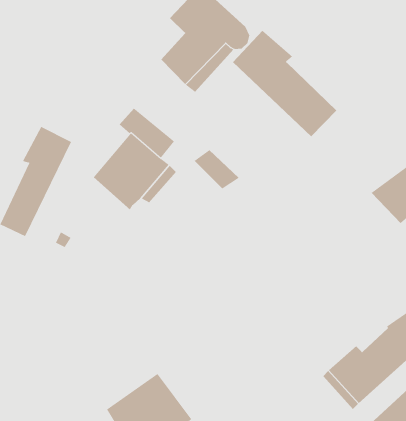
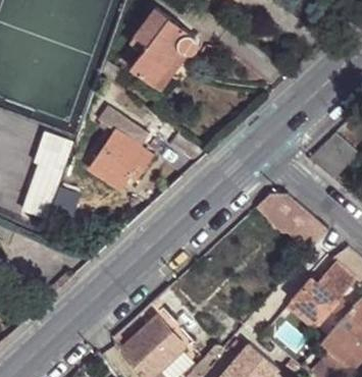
building: [232,30,337,137] -> none
building: none -> [255,190,326,249]

